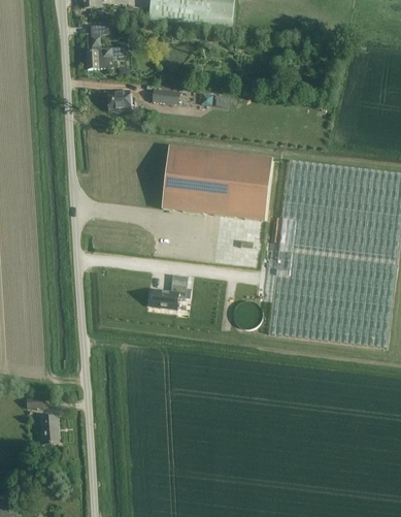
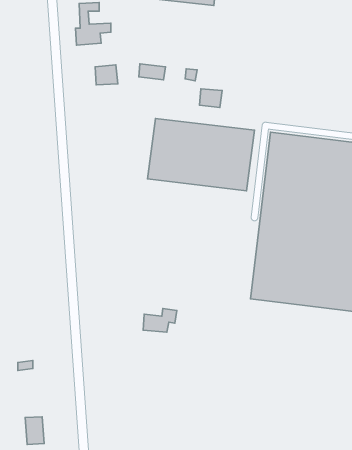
building: none -> [200,89,222,108]
building: [149,283,185,308] -> [143,308,177,332]
building: [38,414,58,443] -> [25,417,44,444]

